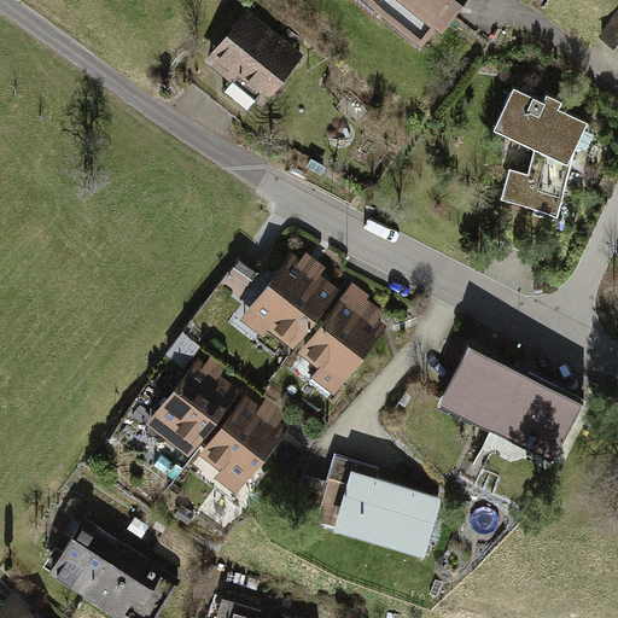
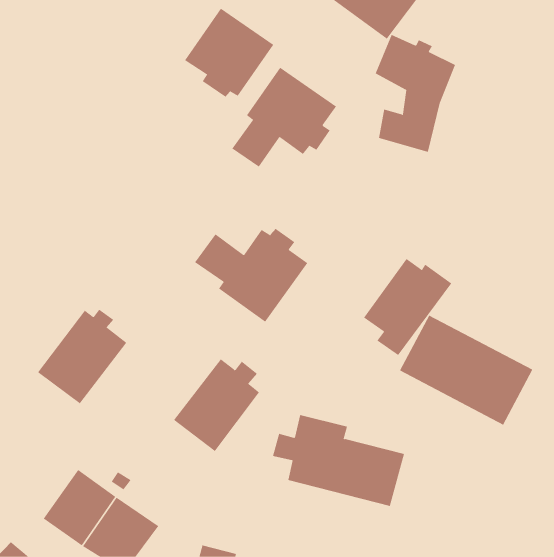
building: none -> [231,67,337,168]
building: [499,87,588,217] -> [375,34,456,153]
building: [292,290,390,397] -> [363,258,452,356]
building: [144,357,243,462] -> [37,309,127,404]

